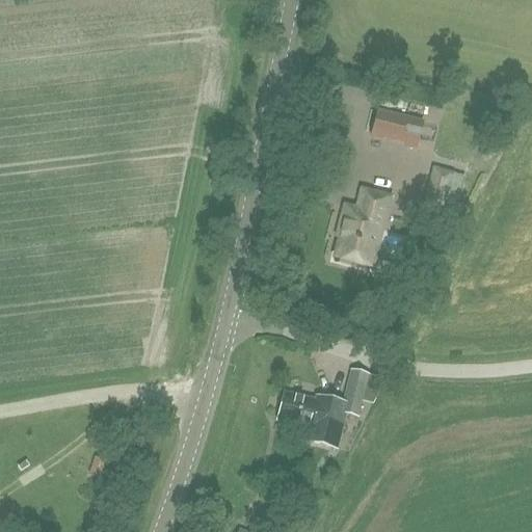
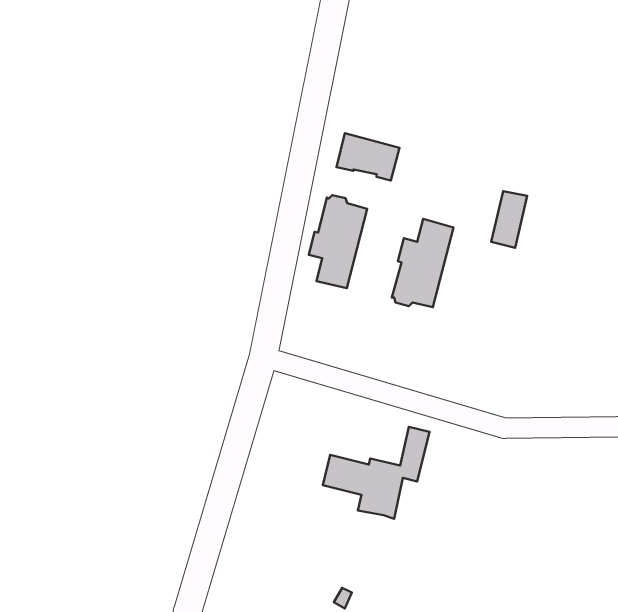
building: [370,105,424,145] -> [337,133,399,180]
building: none -> [309,195,367,288]

